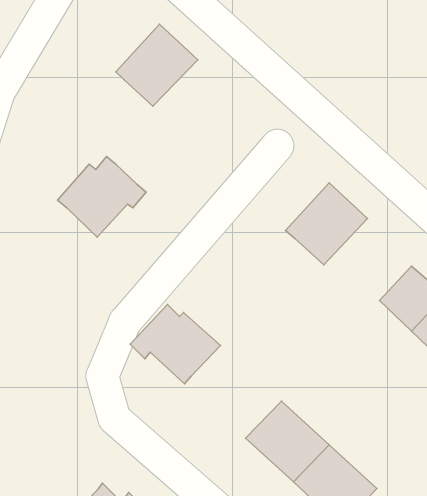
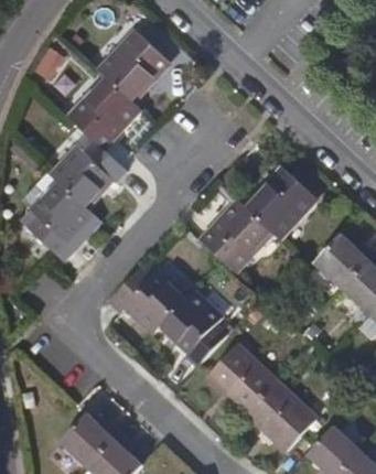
building: none -> [65,77,136,148]
building: none -> [24,184,89,260]
building: none -> [210,209,277,279]
building: none -> [160,291,227,367]

